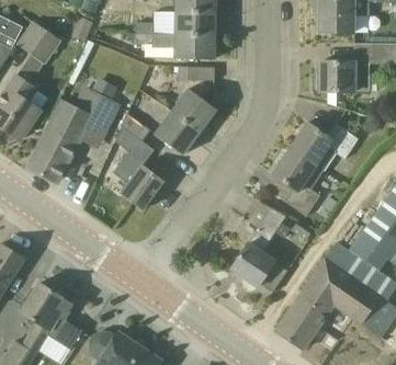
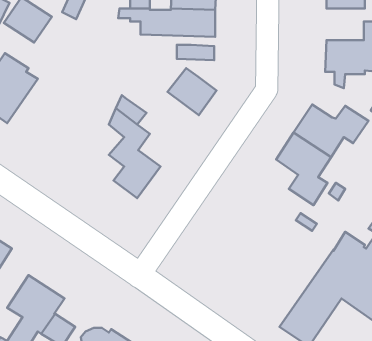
building: [29,84,122,182] -> none
building: [154,110,200,153] -> none
building: [230,201,287,292] -> none

